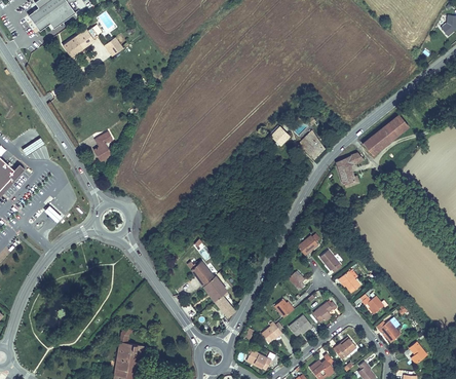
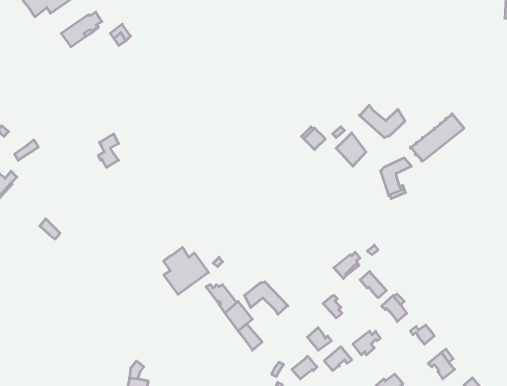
building: none -> [359,105,405,138]
building: none -> [164,247,209,294]
building: none -> [244,282,288,314]

